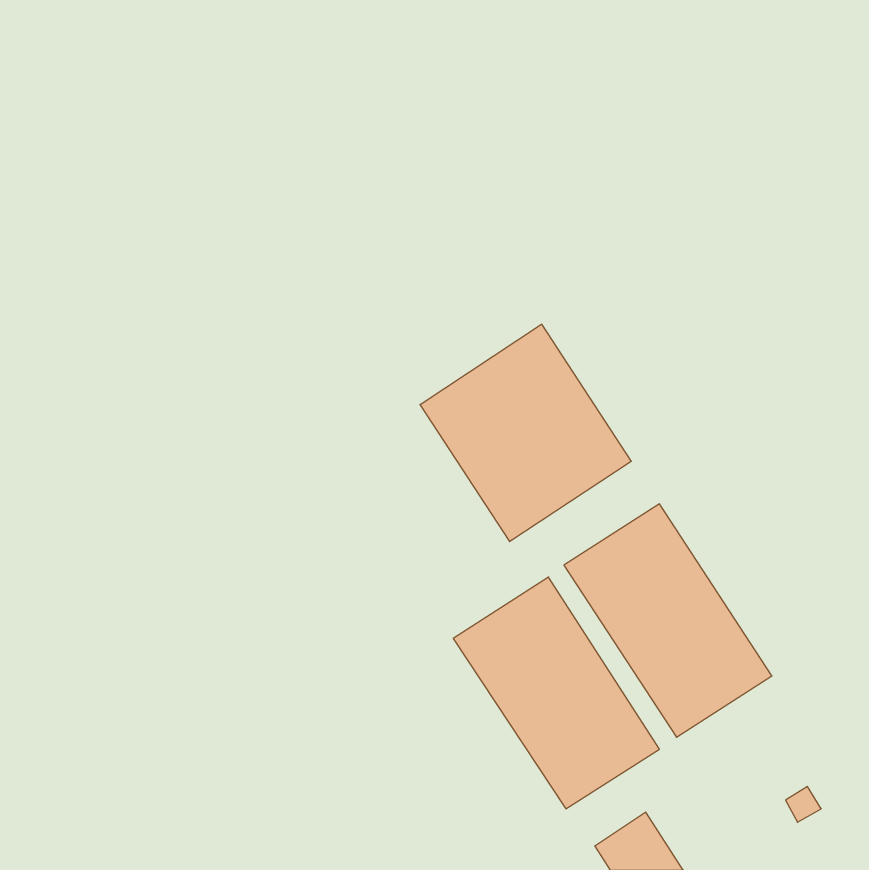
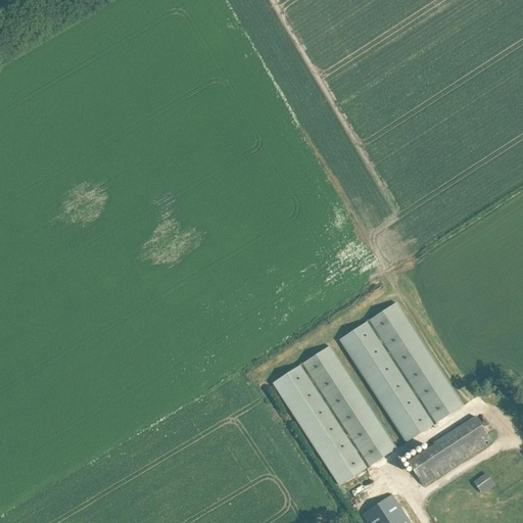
building: [420,324,631,542] -> none
building: none -> [406,416,491,485]

